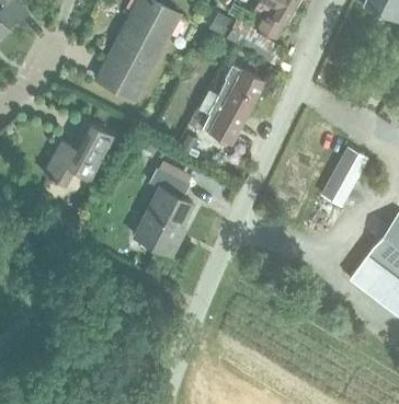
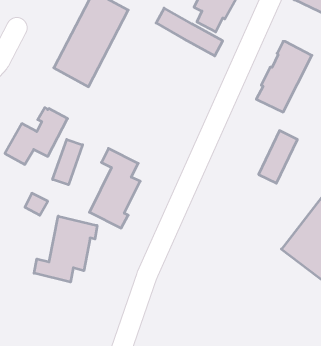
building: [202,65,263,142] -> [256,41,312,112]
building: none -> [53,139,83,185]
building: none -> [34,216,97,282]

